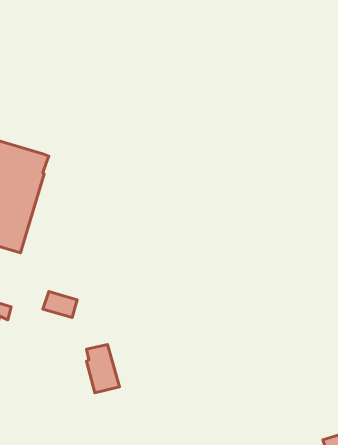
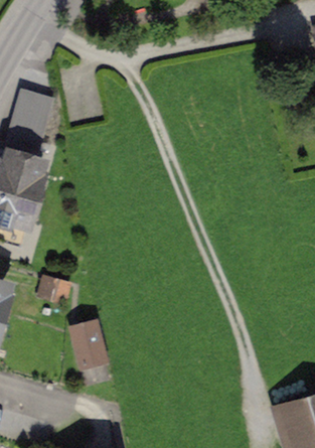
building: none -> [12,88,54,146]

